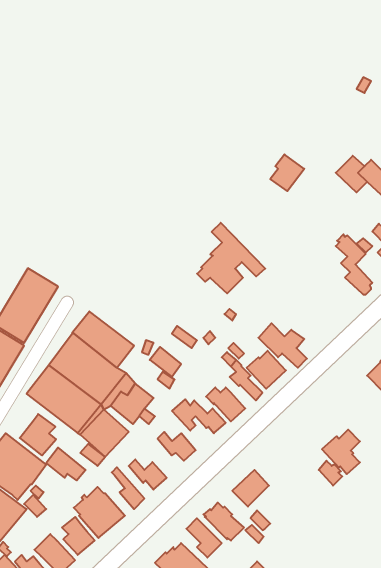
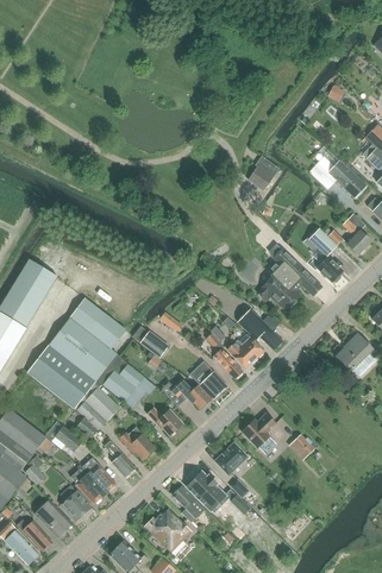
building: [197,223,265,293] -> [257,246,319,310]
building: [20,414,56,455] -> none
building: [322,430,360,474] -> [242,414,276,454]

